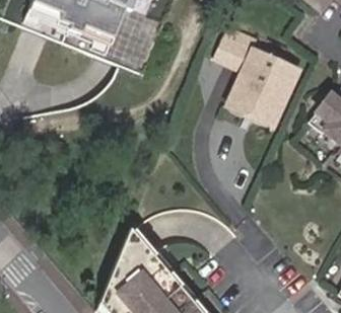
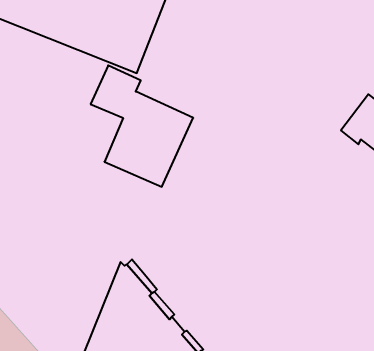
building: [215,28,298,127] -> [91,65,193,187]

